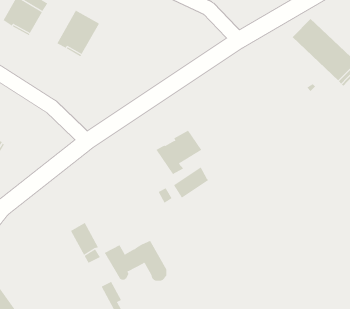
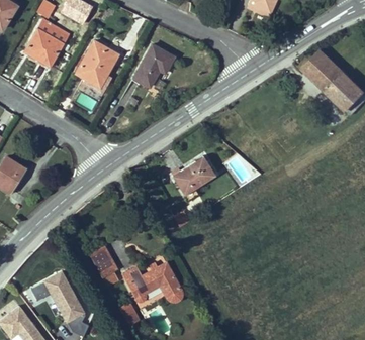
building: none -> [133,45,173,88]
building: [173,167,209,199] -> none
building: none -> [29,271,85,324]

